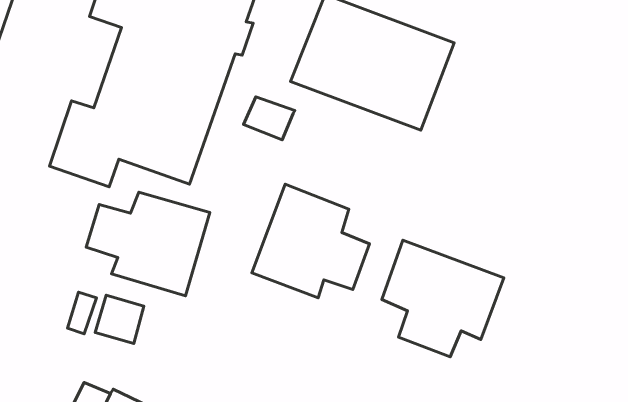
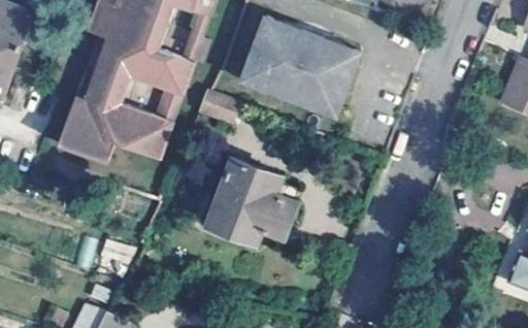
building: [86,192,210,296] -> none
building: [382,240,504,357] -> none

